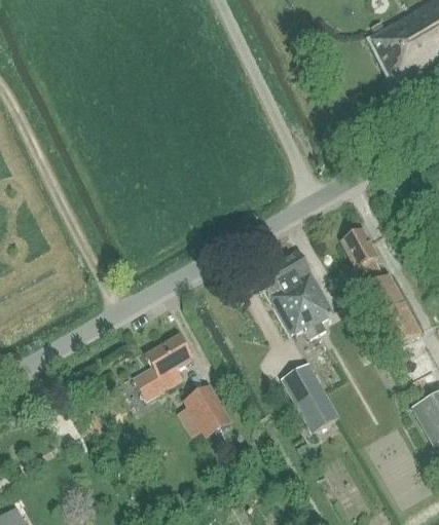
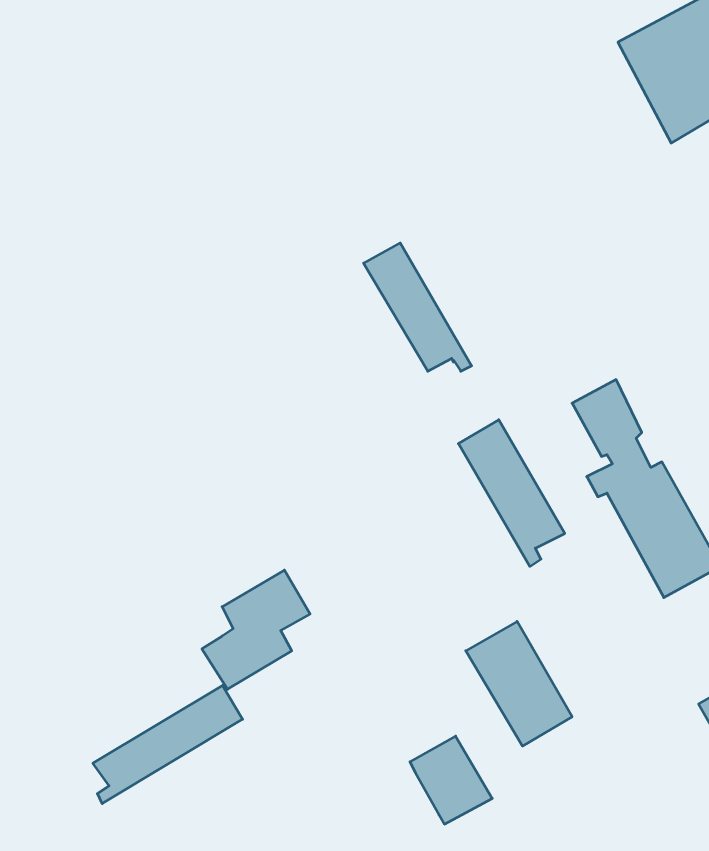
building: [255,262,316,334] -> [364,243,472,371]
building: [185,386,231,436] -> [410,736,492,824]
building: none -> [93,685,243,804]

